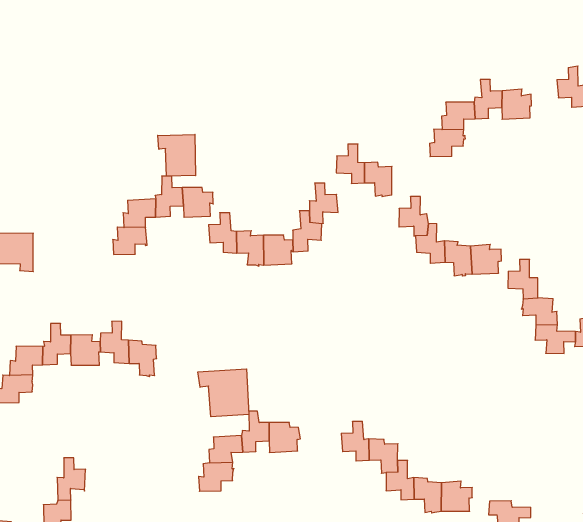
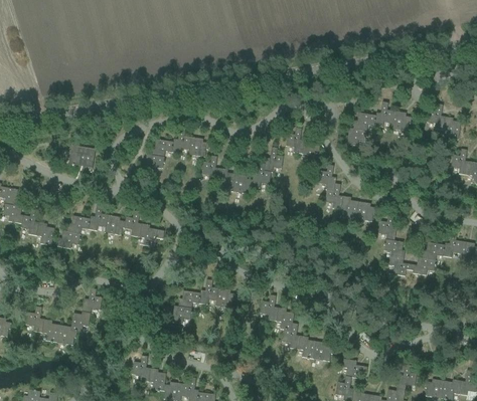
building: [158,134,196,176] -> none
building: [198,369,249,417] -> none

